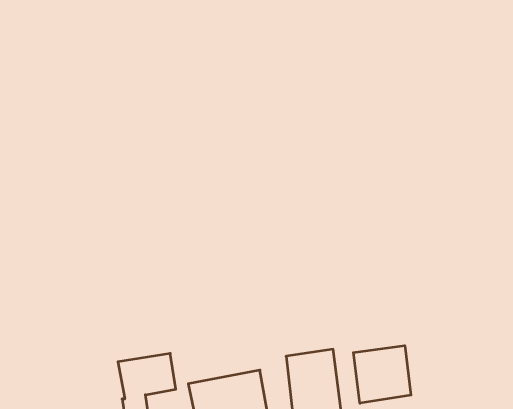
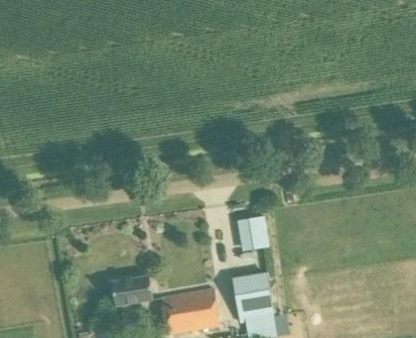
building: none -> [243,215,268,250]
building: [353,346,411,403] -> none

